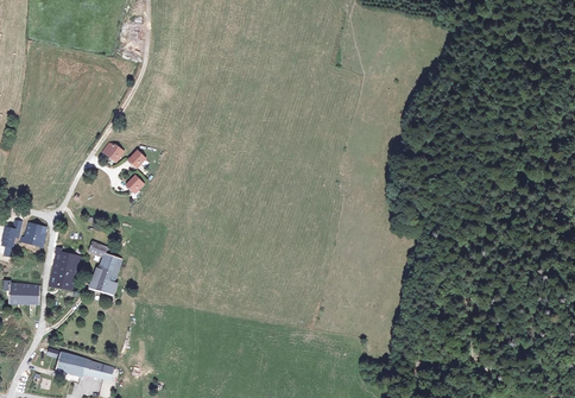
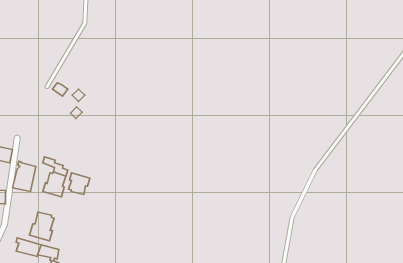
building: none -> [69,173,90,194]
building: none -> [29,212,54,241]

